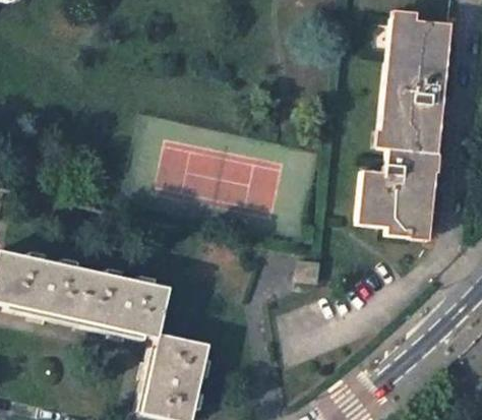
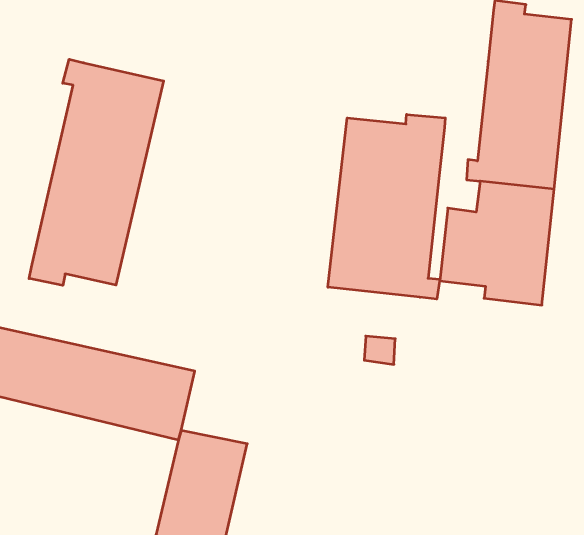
building: none -> [29,59,164,285]
building: none -> [328,114,445,299]

